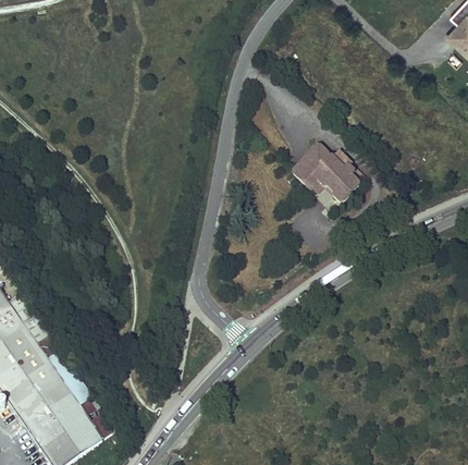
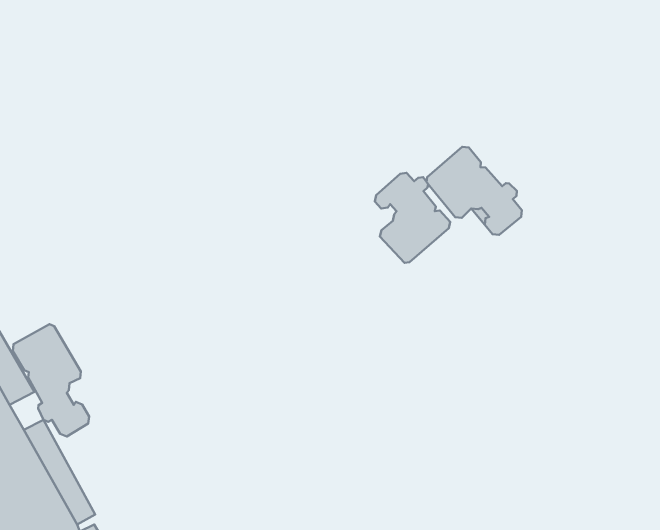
building: none -> [375,173,450,263]
building: none -> [13,324,89,437]

